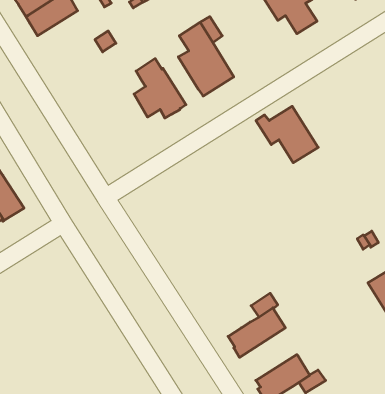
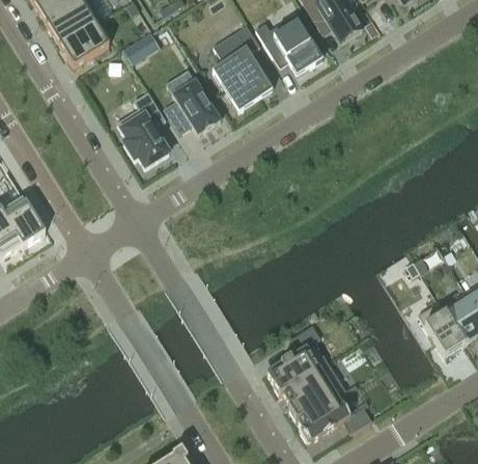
building: none -> [60,19,109,67]
building: none -> [117,91,169,167]
building: [256,106,318,163] -> [256,13,324,75]
building: none -> [279,362,346,419]

